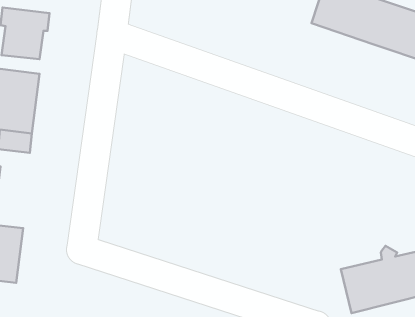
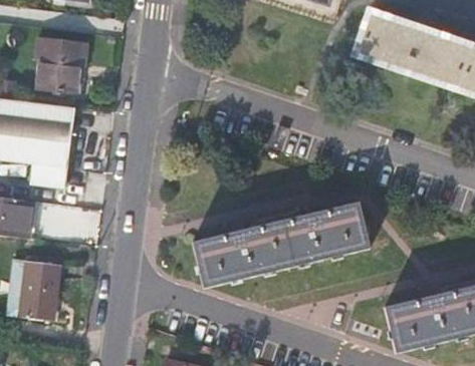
building: none -> [194,201,371,286]

